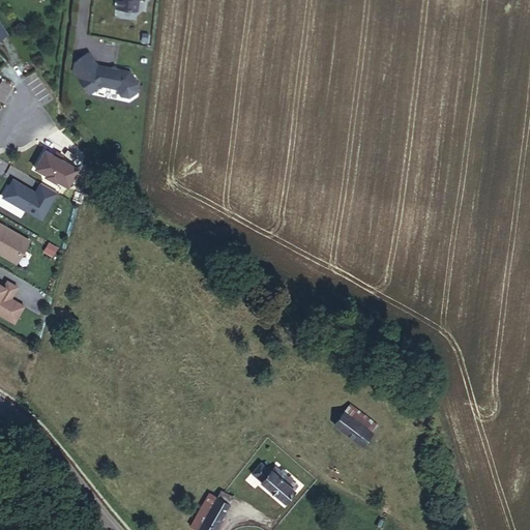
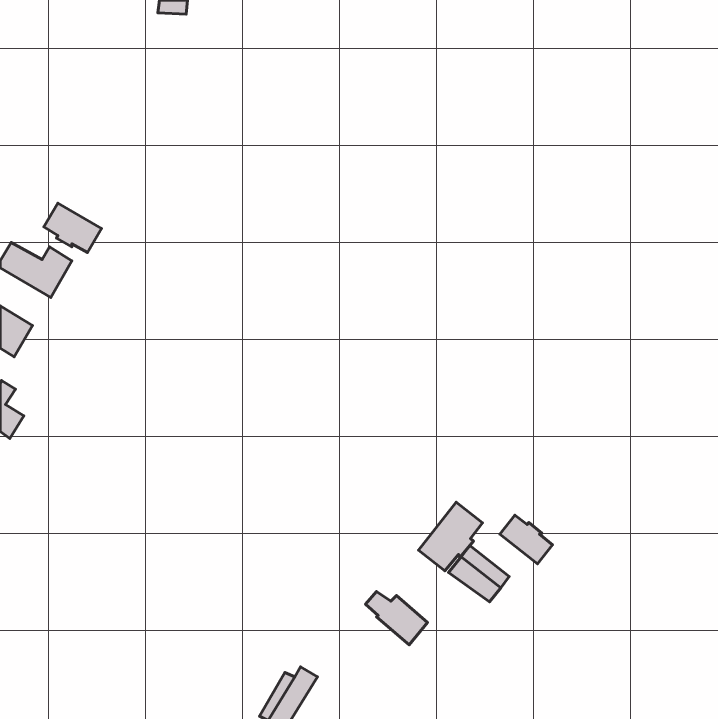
building: [70,54,140,99] -> none
building: none -> [419,502,483,571]
building: none -> [500,515,552,564]
building: [254,463,299,502] -> [365,591,427,645]

